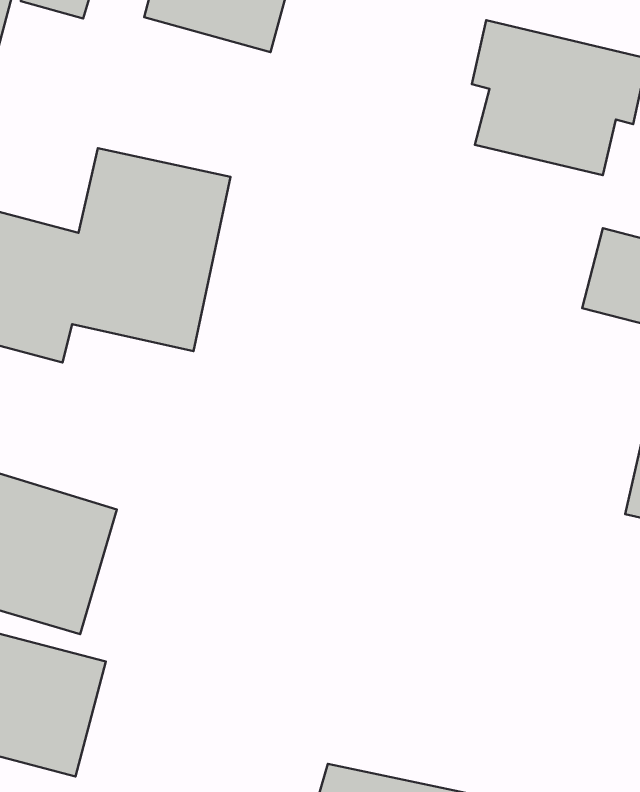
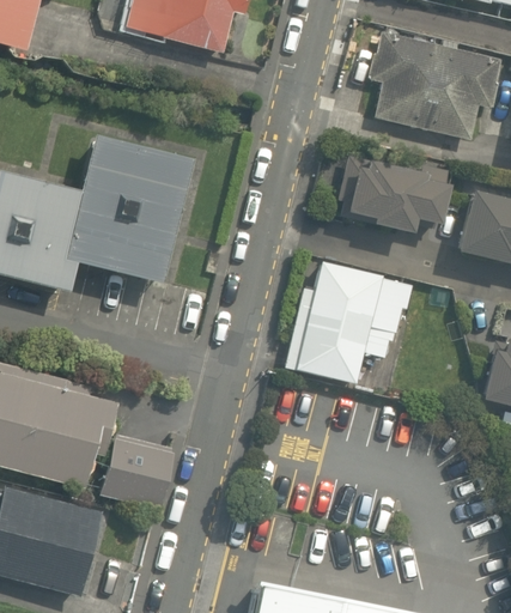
building: none -> [341,156,448,230]
building: none -> [285,261,410,380]
building: none -> [103,431,180,511]

